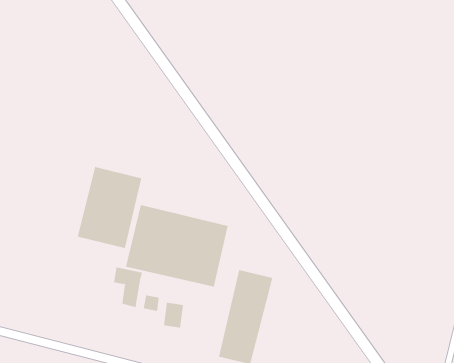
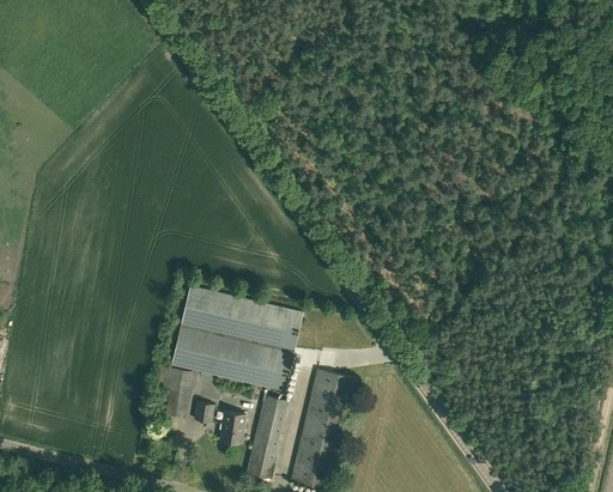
building: [77,166,142,249] -> none
building: none -> [245,395,291,479]

